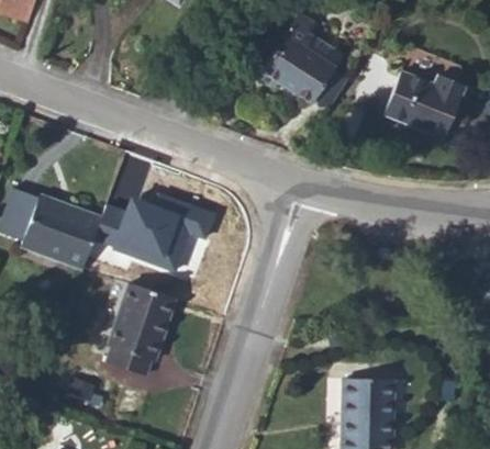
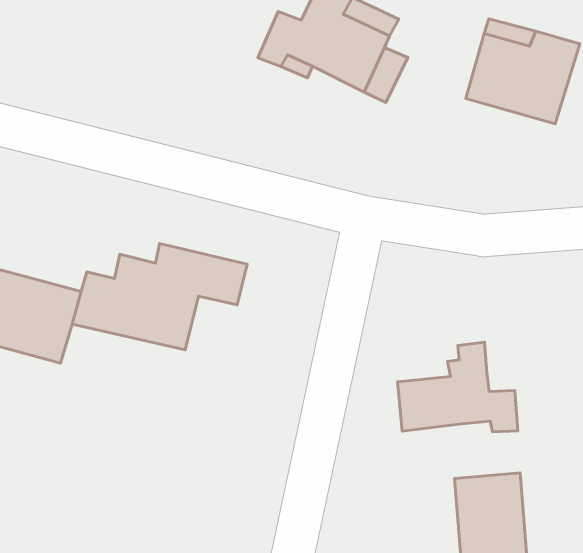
building: [105,283,177,378] -> none
building: none -> [398,342,518,432]

